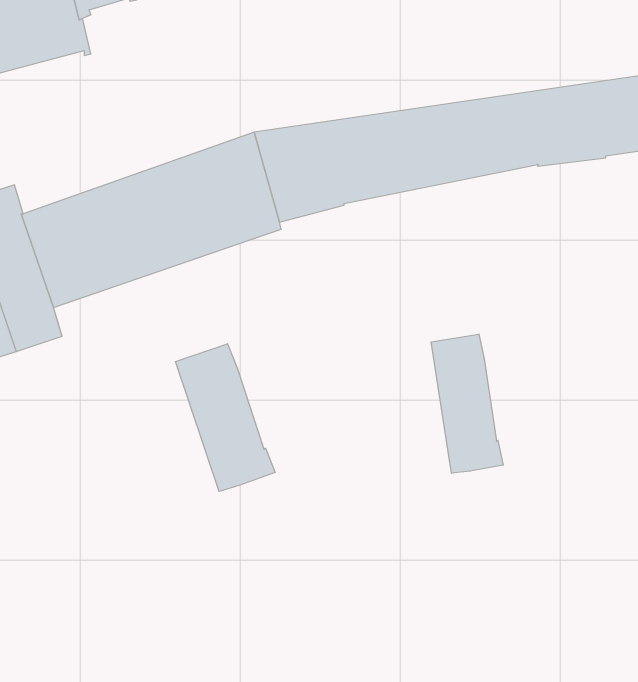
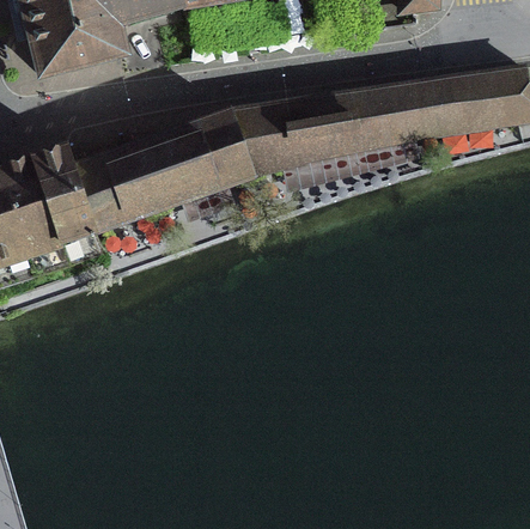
building: [431,334,503,473] -> none
building: [176,344,275,491] -> none

